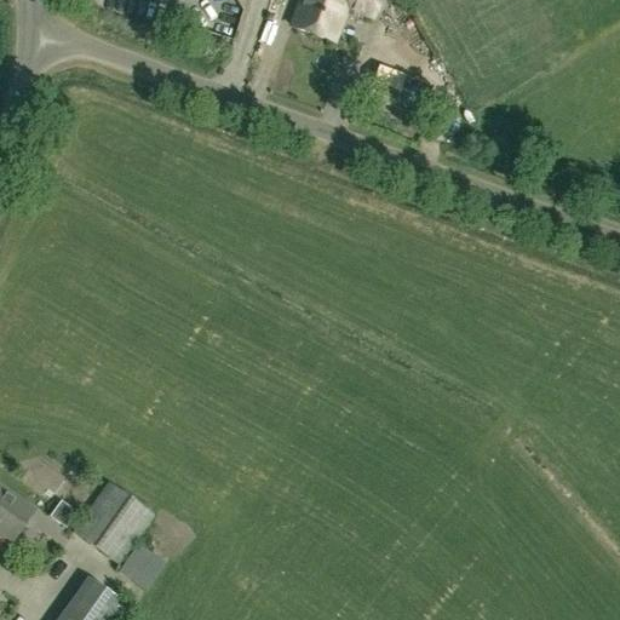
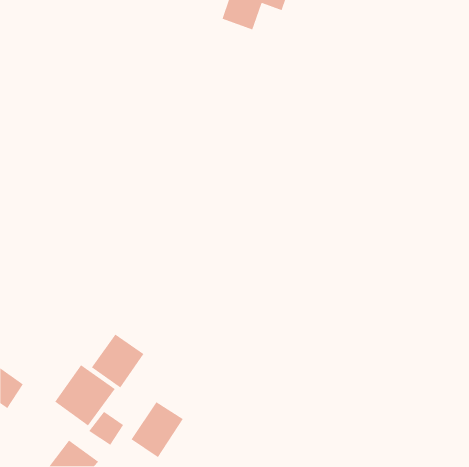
building: none -> [91,334,144,388]
building: none -> [130,401,184,458]

